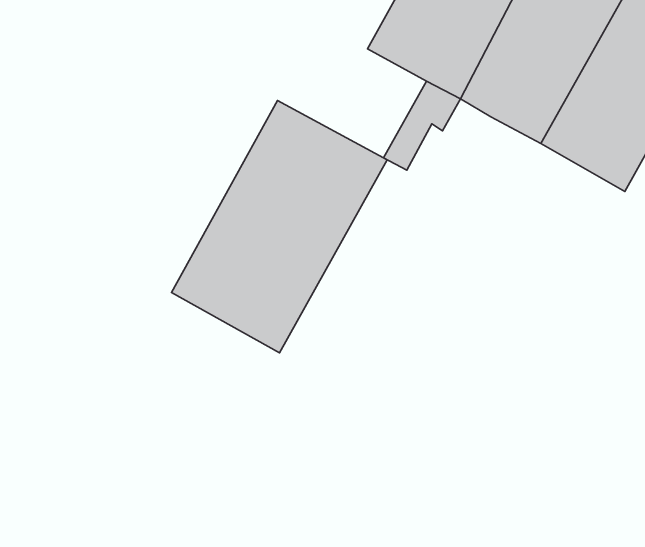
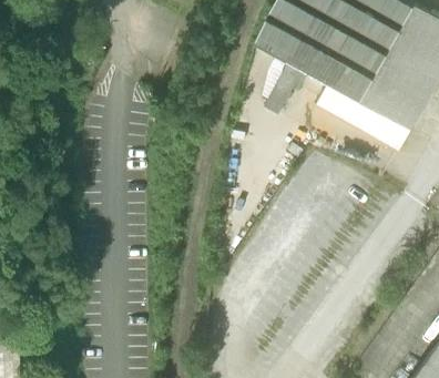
building: [172,101,387,353] -> none
building: none -> [316,85,412,154]

